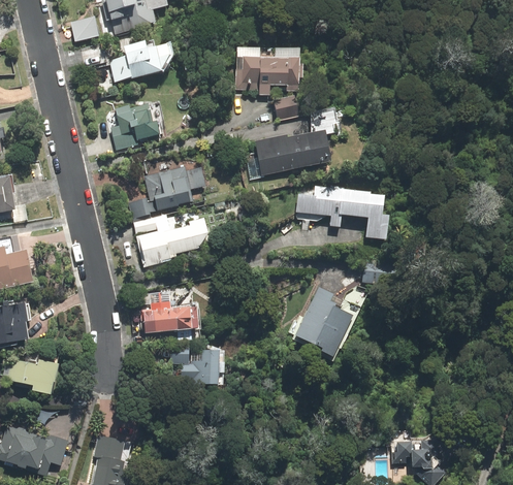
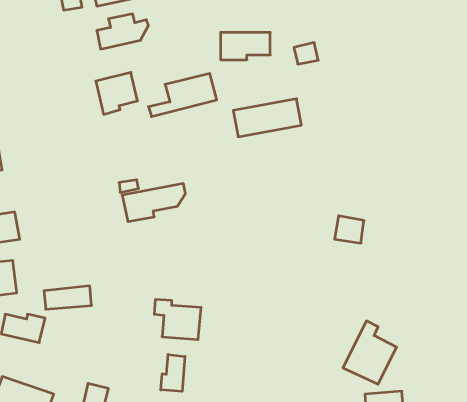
building: [275,95,300,118] -> [294,43,318,64]
building: [133,167,205,213] -> [148,74,217,117]
building: [300,190,387,236] -> none
building: [294,289,351,356] -> [343,321,397,384]
building: [145,308,195,332] -> [44,286,92,309]
building: none -> [161,354,185,391]

